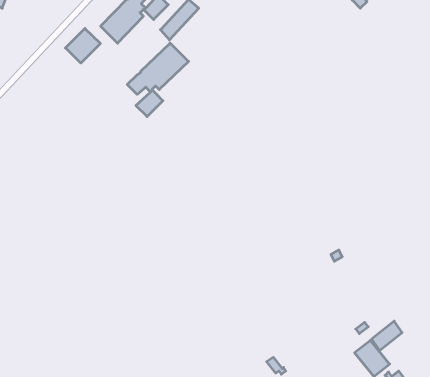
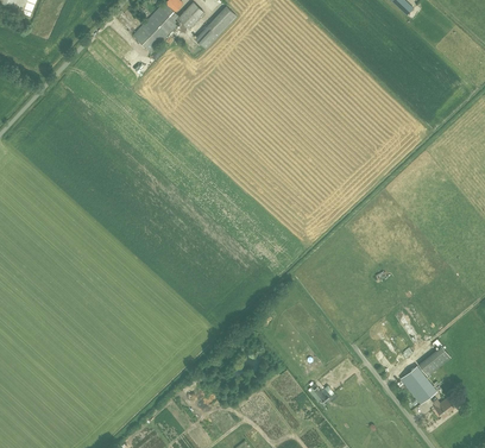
building: [65,28,100,63] -> none
building: [127,43,189,117] -> none

